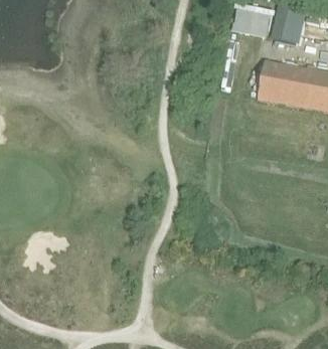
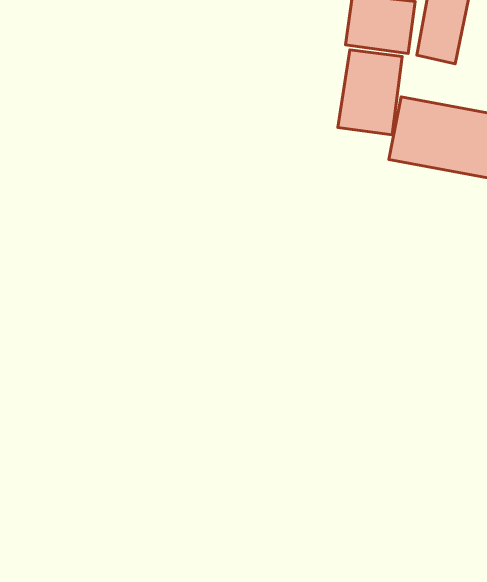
building: none -> [338,50,402,135]

